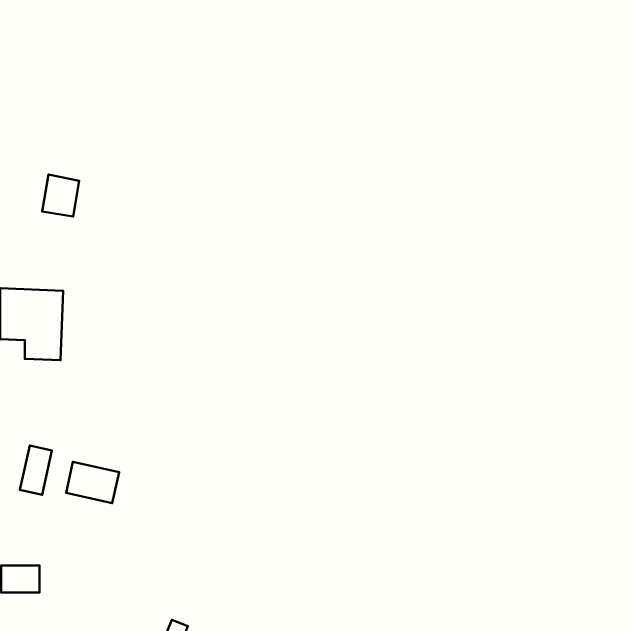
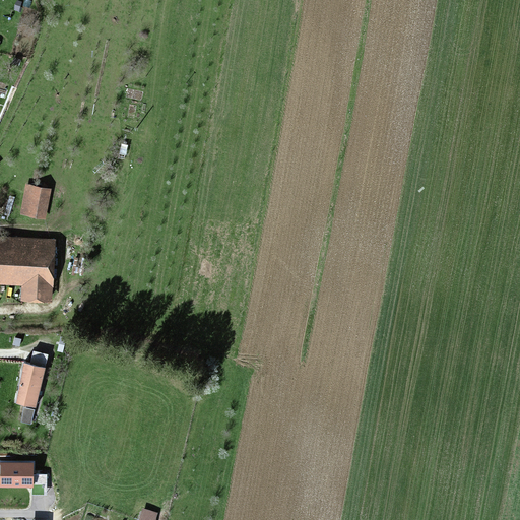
building: [42,174,79,217] -> [20,183,51,217]
building: [66,462,119,503] -> none

